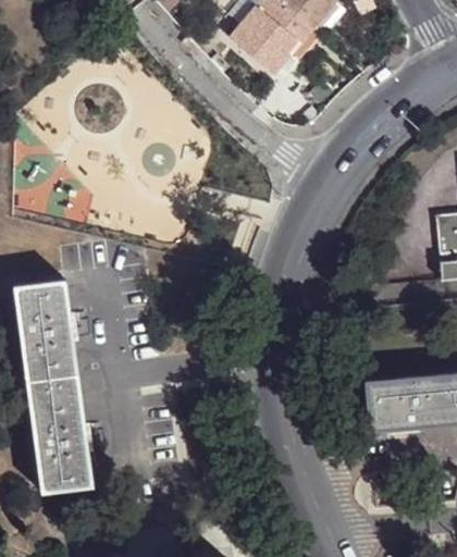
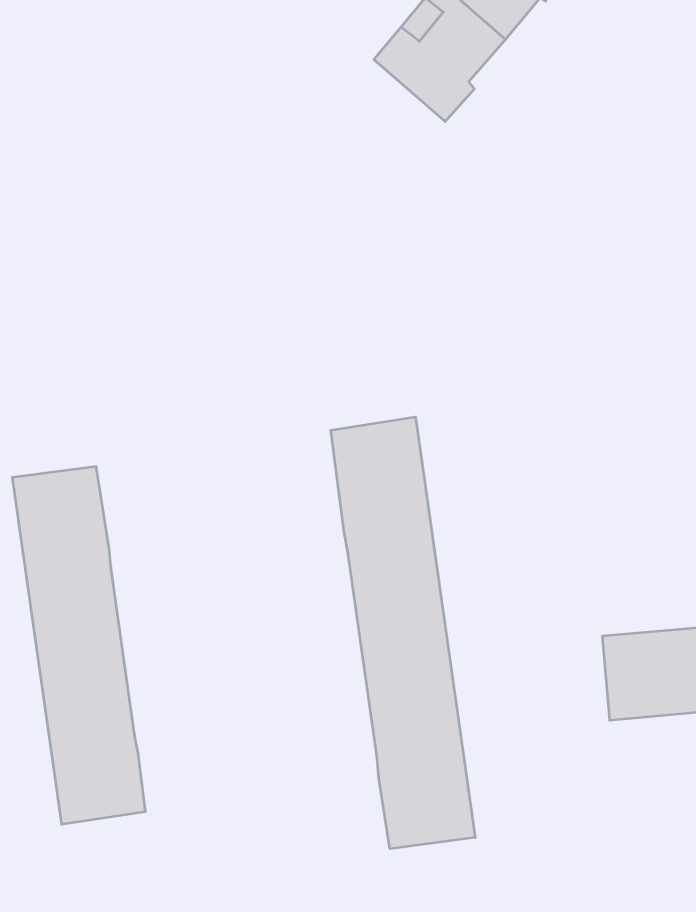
building: none -> [331,417,475,849]

